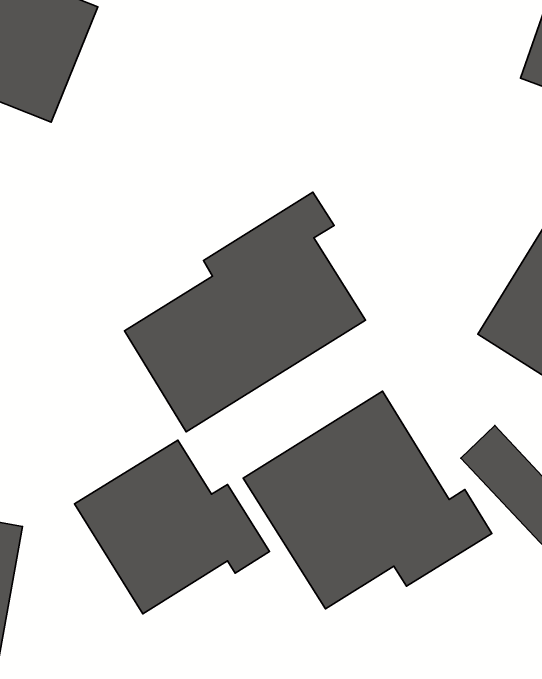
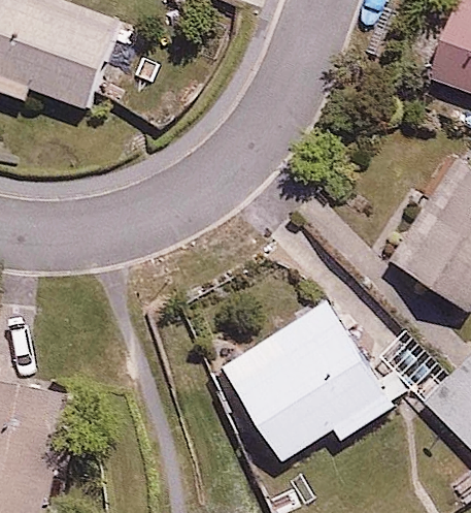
building: [125,192,365,432] -> none
building: [75,440,269,614] -> none

